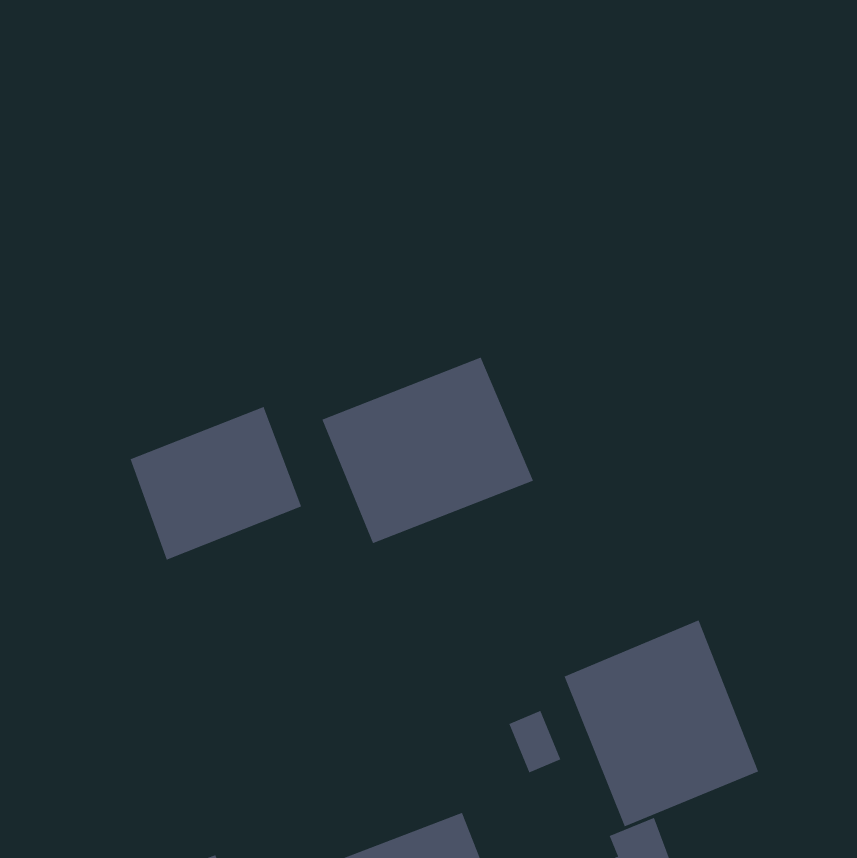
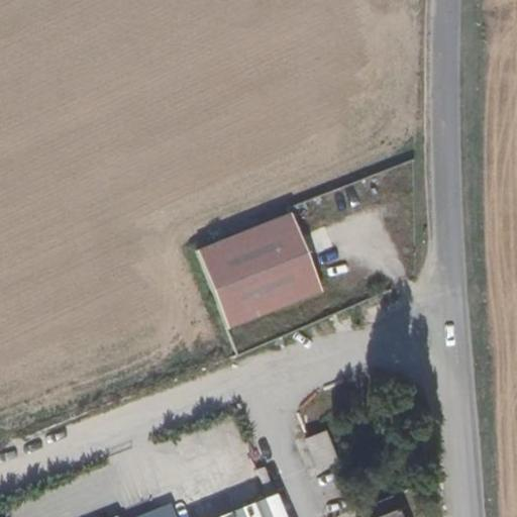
building: [130,406,302,561] -> none
building: [564,619,759,827] -> none

